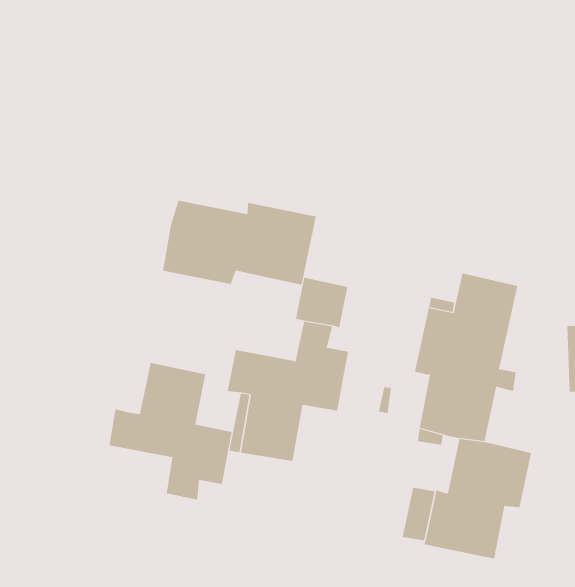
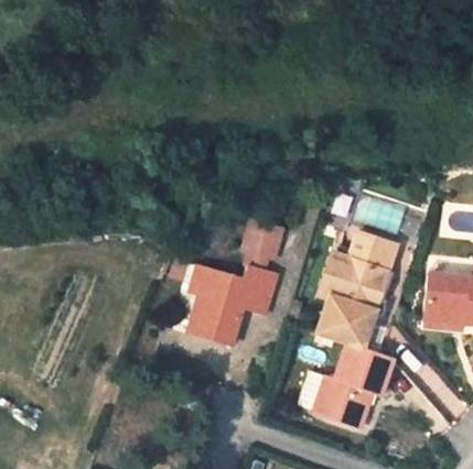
building: [163,200,317,285] -> none
building: [109,362,232,500] -> none

